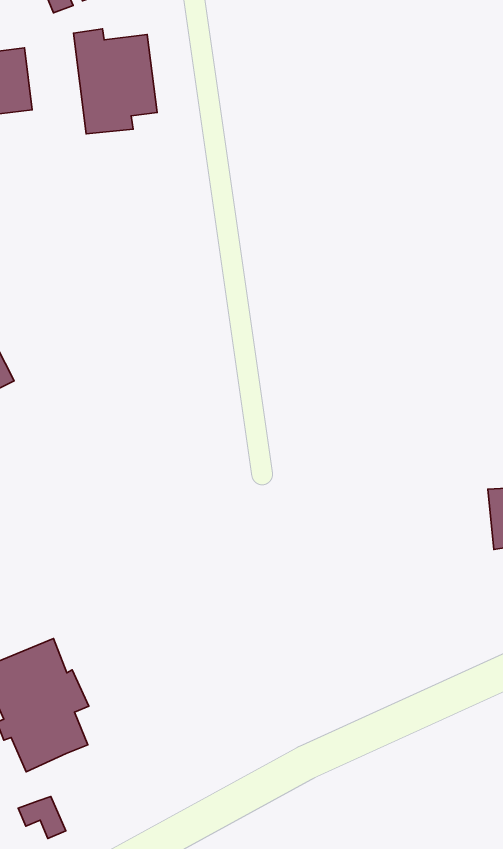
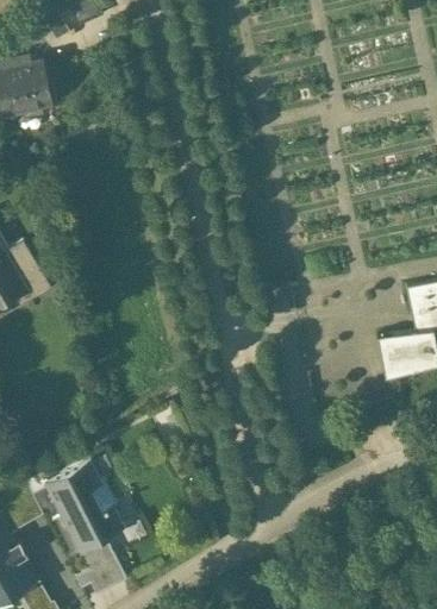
building: [73,29,157,134] -> none
building: none -> [77,540,125,592]

